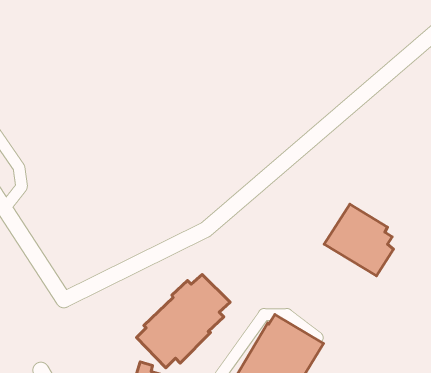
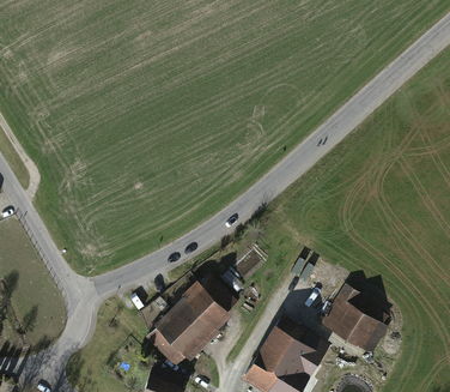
building: [324,204,393,276] -> [320,285,388,356]

